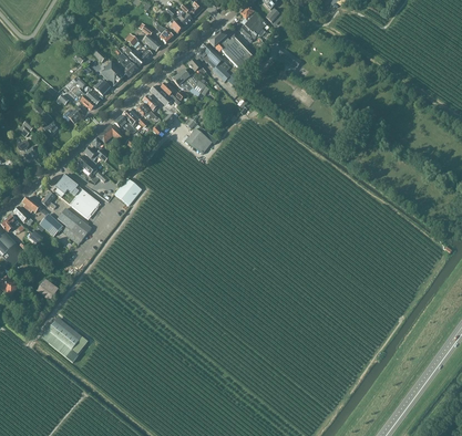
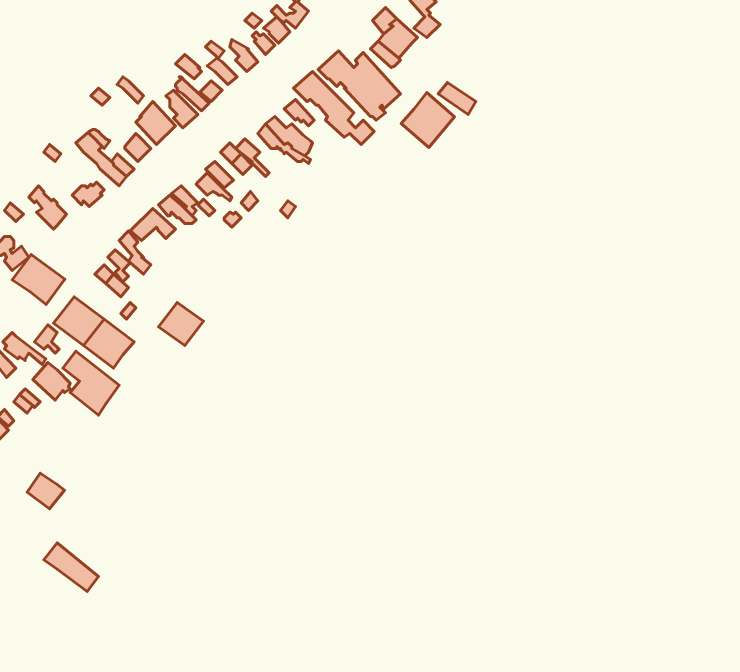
building: none -> [401,93,454,147]
building: [185,125,216,153] -> none
building: none -> [12,255,65,304]

